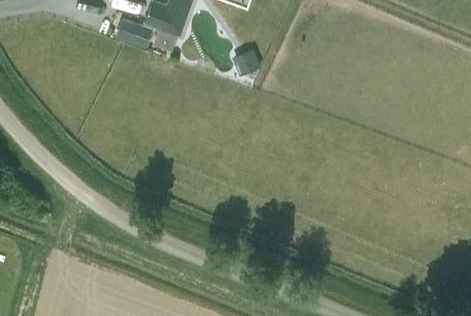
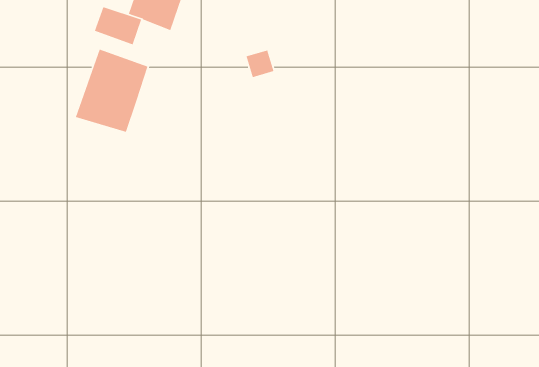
building: none -> [75,48,149,133]

